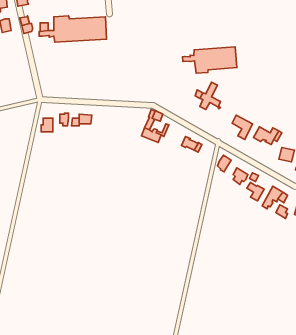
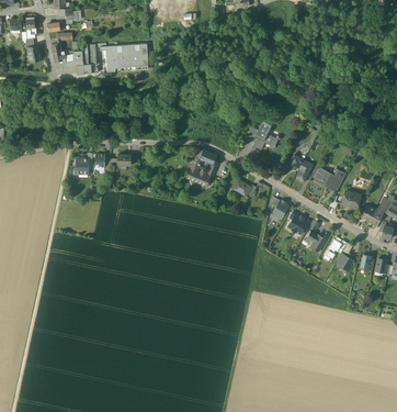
building: [182,47,237,73] -> none

